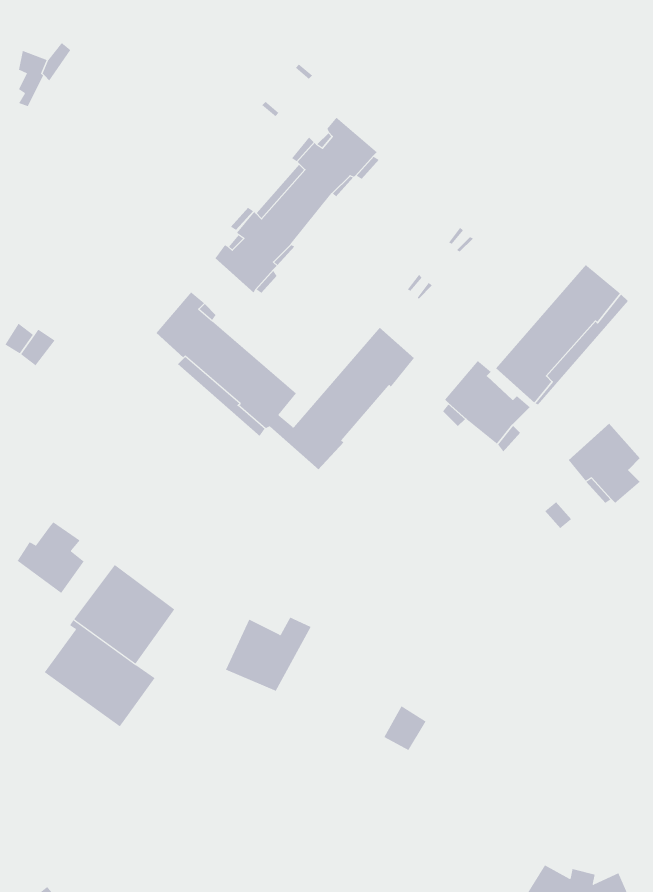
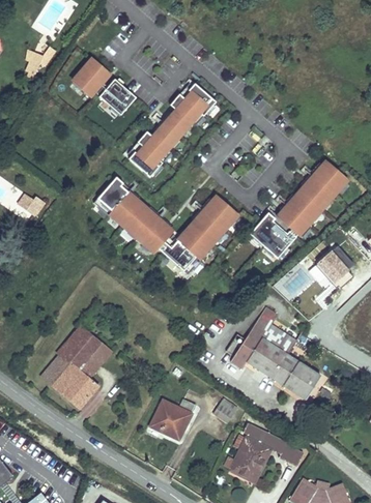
building: none -> [73,59,109,96]
building: none -> [98,80,136,116]
building: [17,521,84,594] -> none
building: none -> [237,307,329,400]
building: [225,617,312,692] -> [152,396,198,436]
building: none -> [229,419,309,477]

